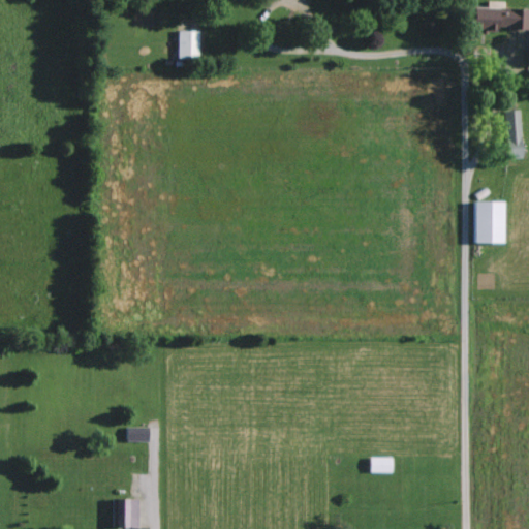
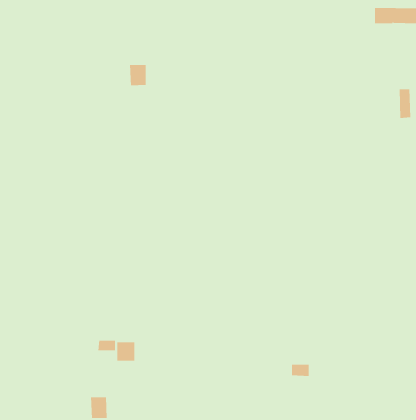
building: [179,32,200,59] -> [129,65,147,86]
building: [475,200,506,243] -> none
building: none -> [117,341,135,362]

